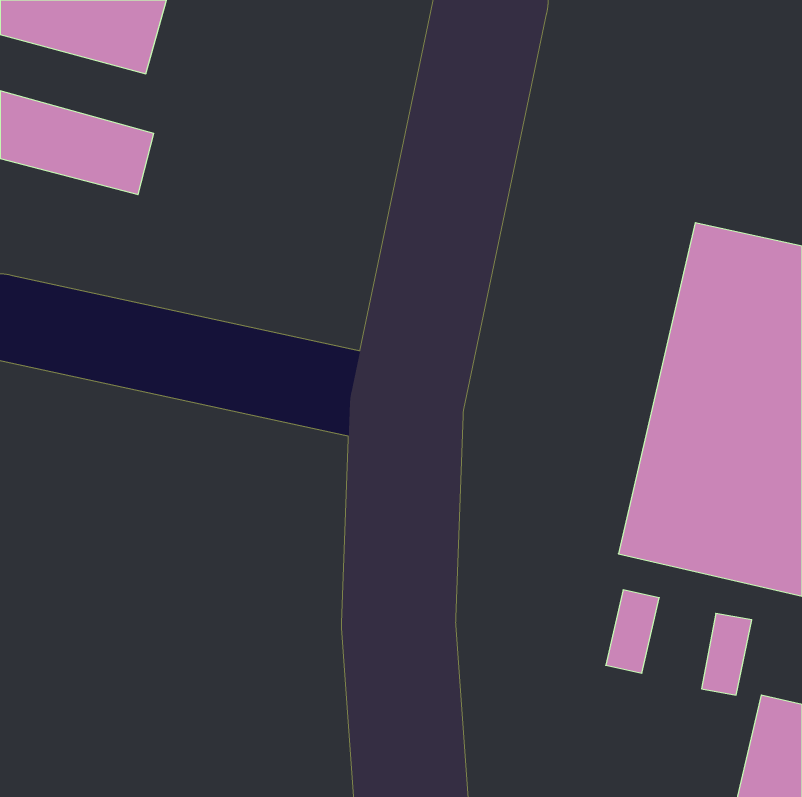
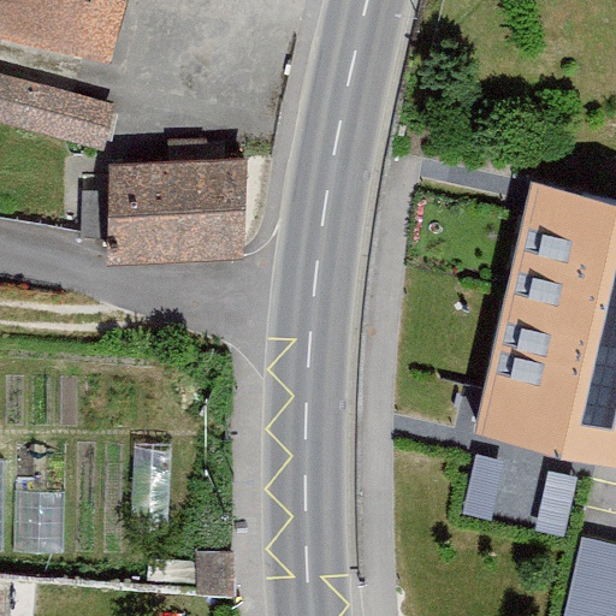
building: none -> [102,161,243,255]

